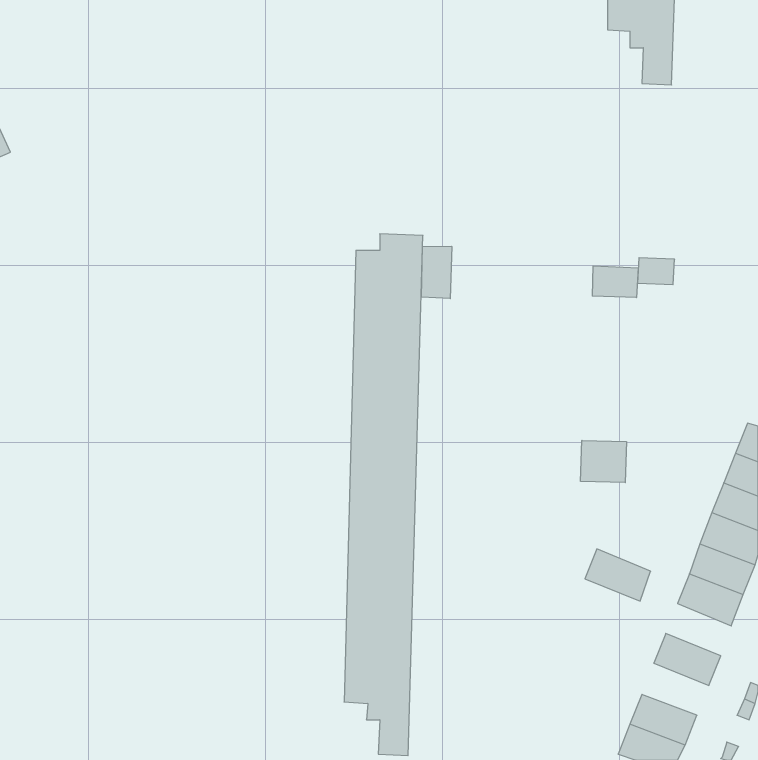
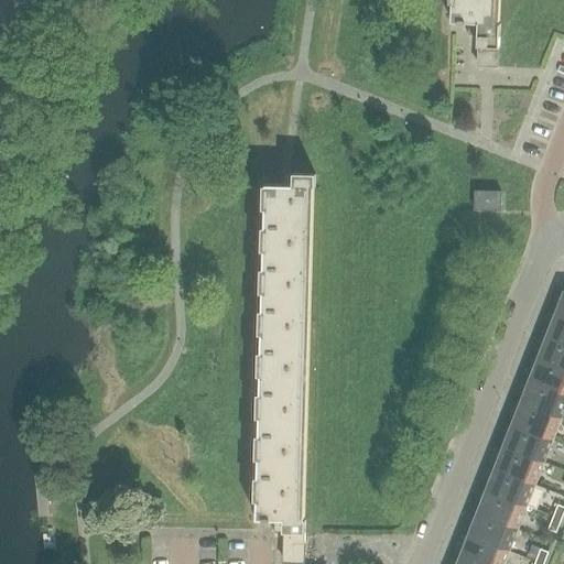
building: [422,246,452,299] -> none
building: [592,266,638,298] -> none
building: [581,440,626,483] -> none
building: [585,549,651,601] -> [492,446,541,485]
building: none -> [475,490,524,529]

